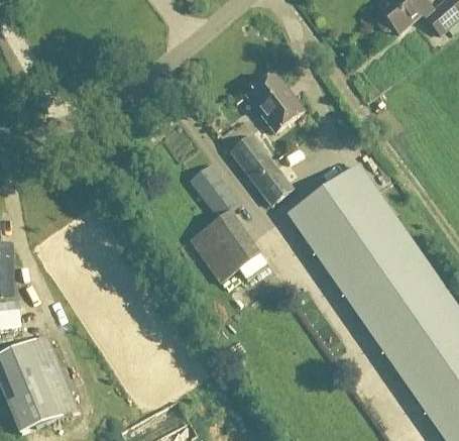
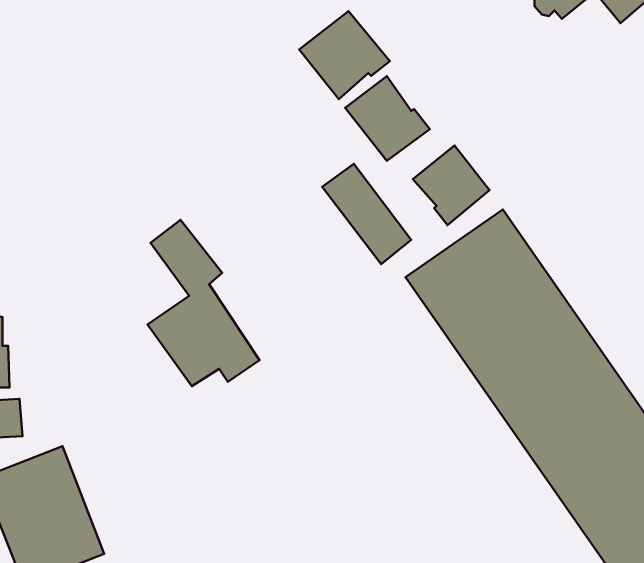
building: none -> [299,11,390,99]
building: none -> [413,146,490,225]
building: [188,163,266,281] -> [147,220,259,386]

